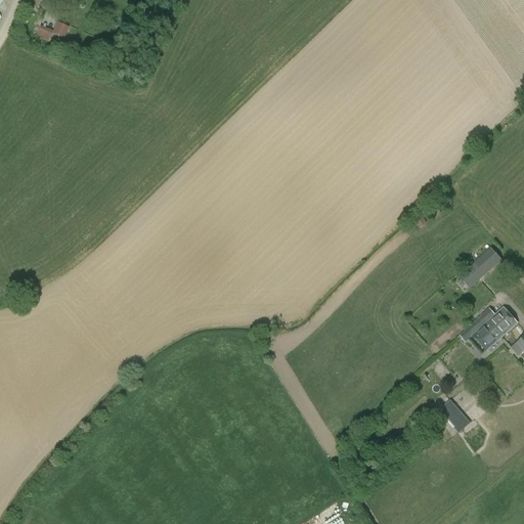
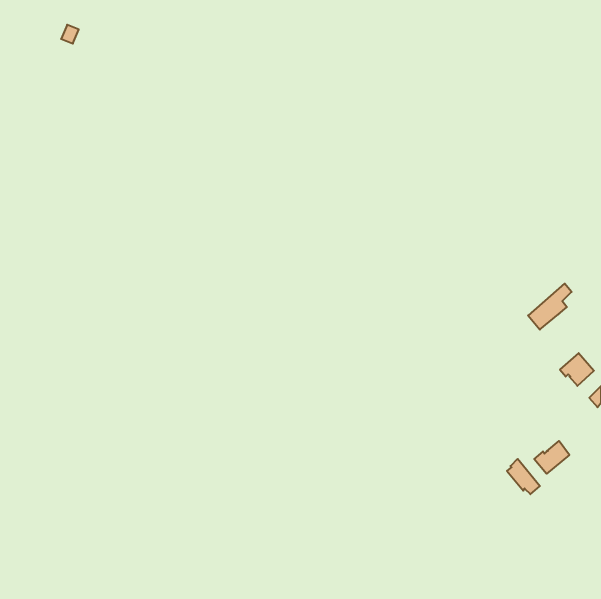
building: [470,315,503,349] -> none
building: none -> [534,441,569,474]

